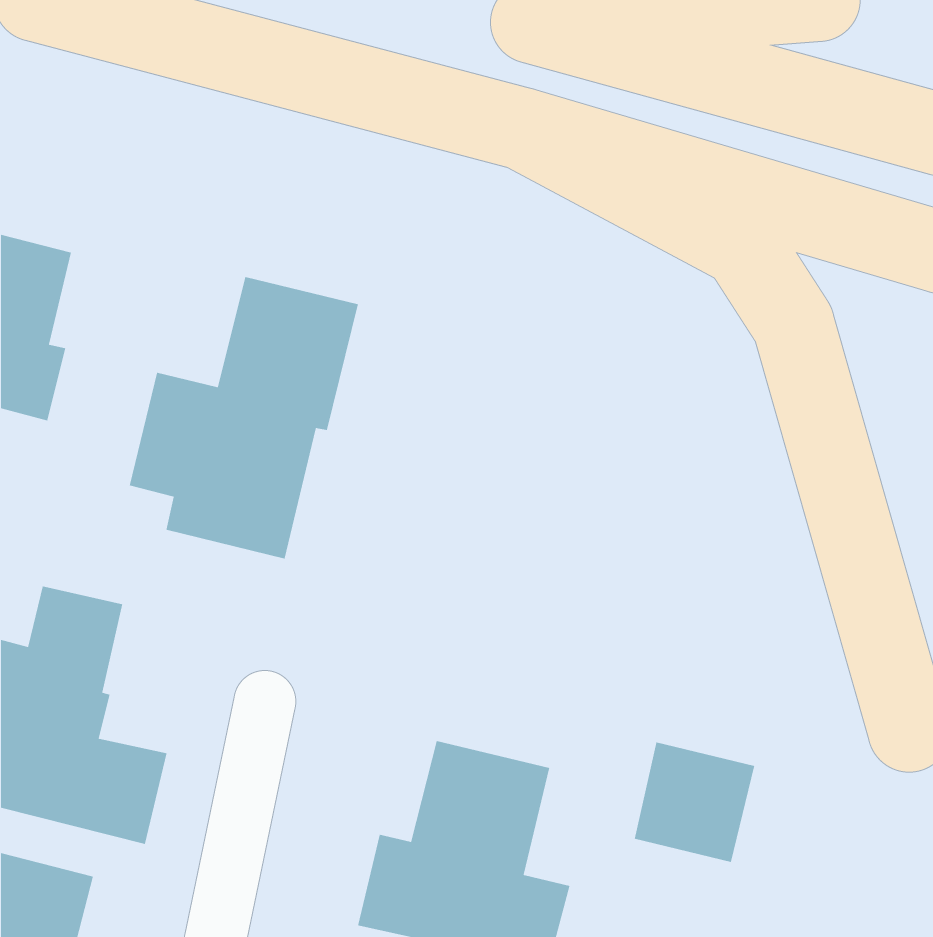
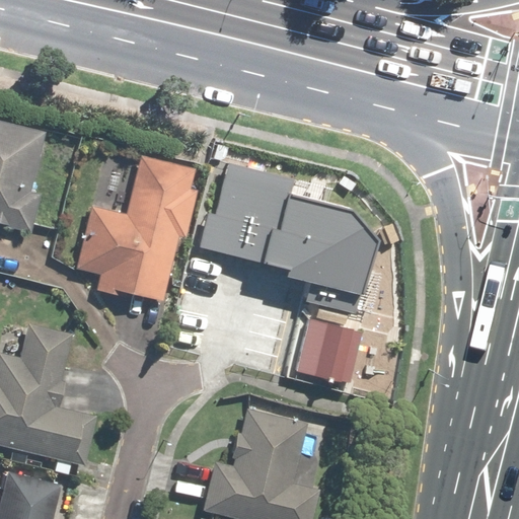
building: none -> [198,160,376,305]
building: [634,741,755,863] -> [294,319,361,386]

